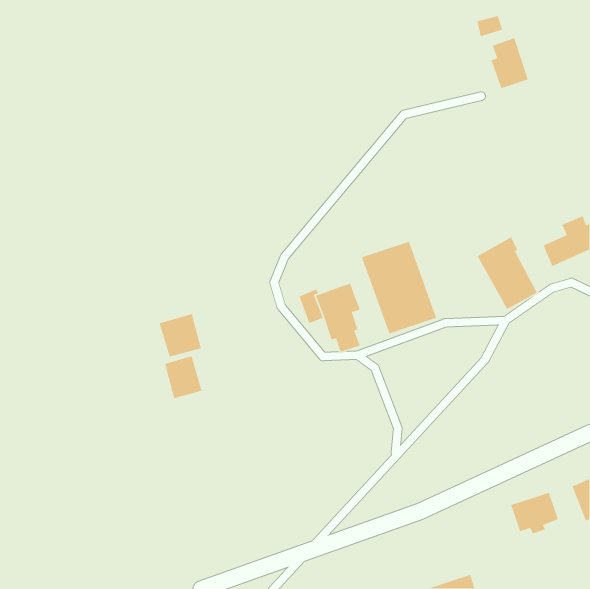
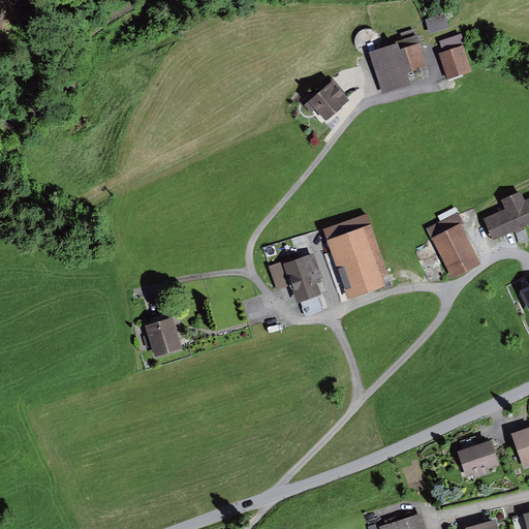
building: none -> [370,27,425,92]
building: none -> [304,80,348,120]
building: [159,313,202,358] -> none

